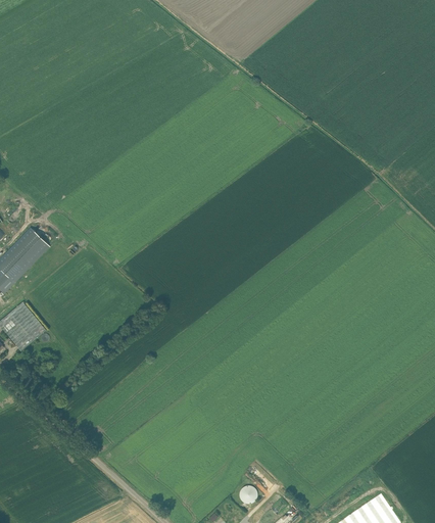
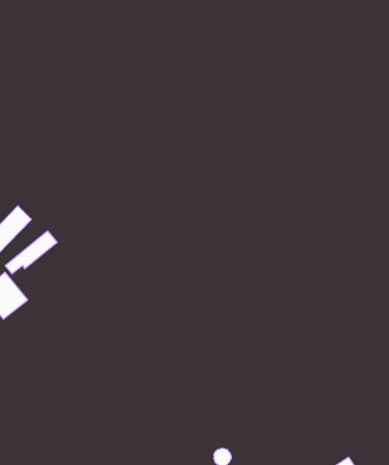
building: none -> [5,231,57,274]

